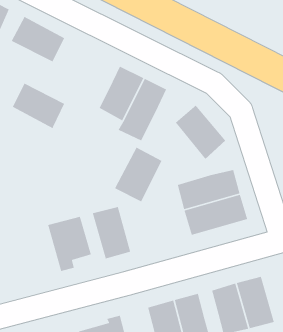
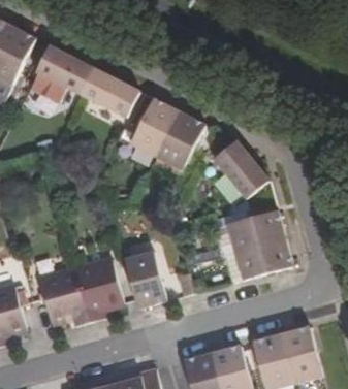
building: [12,83,65,129] -> [81,67,138,118]
building: [114,146,162,202] -> none
building: none -> [38,269,89,325]

